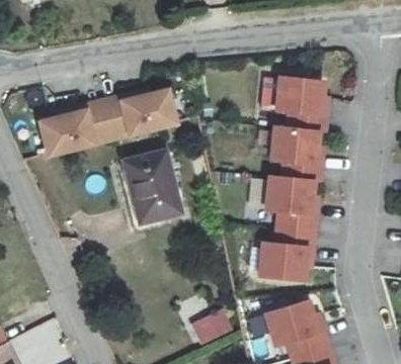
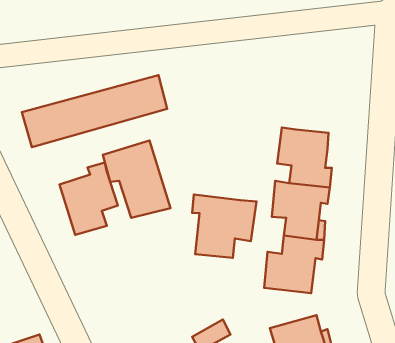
building: [280,82,330,136] -> none
building: none -> [59,162,118,235]
building: none -> [192,195,256,258]

